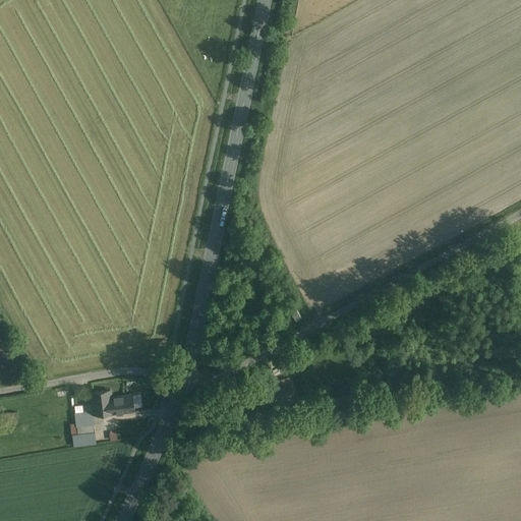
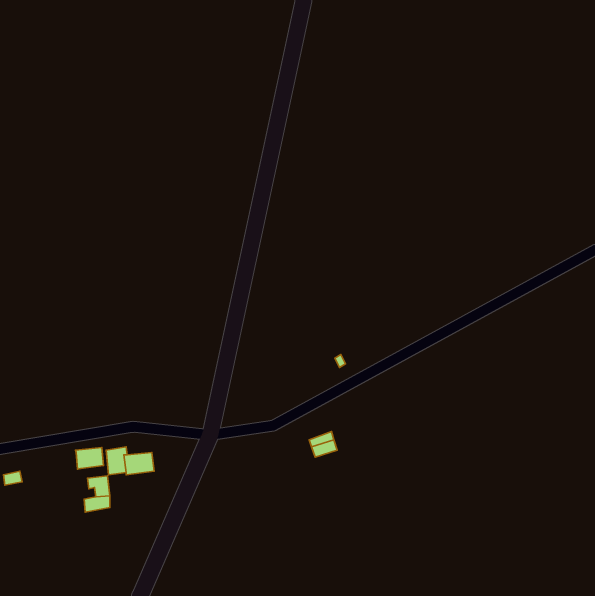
building: none -> [76,448,104,469]

